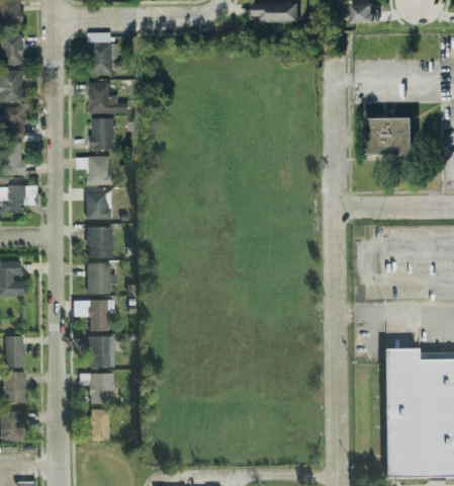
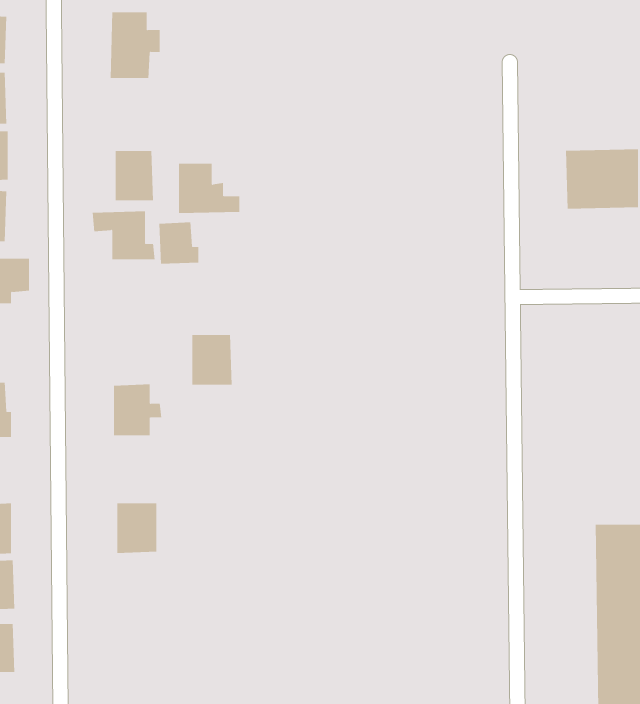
building: [87,81,125,112] -> [178,163,240,214]
building: [86,193,111,220] -> [158,222,199,264]
building: [88,227,113,258] -> [192,334,232,385]
building: [89,301,114,331] -> none
building: [80,374,114,404] -> none
building: [90,409,109,441] -> none

